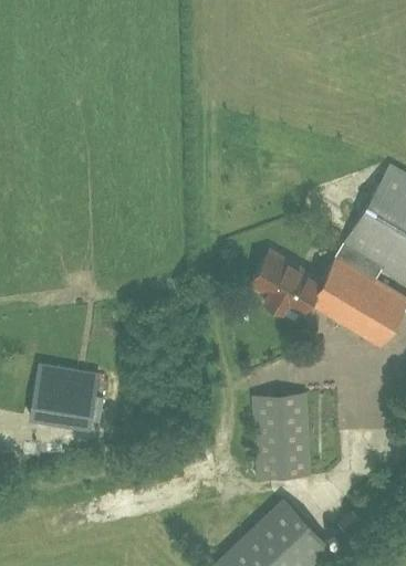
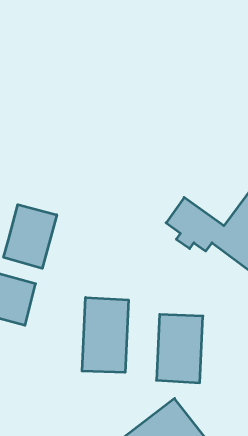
building: none -> [4,205,57,268]
building: none -> [82,297,128,372]

